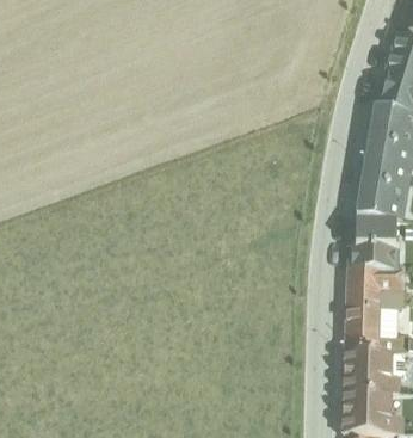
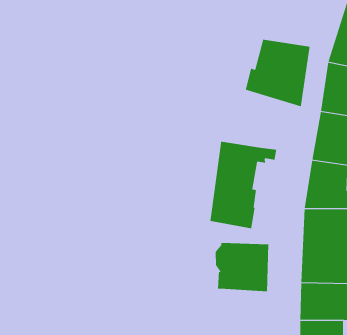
building: none -> [245,39,310,107]
building: none -> [210,141,277,229]
building: none -> [215,242,269,292]

